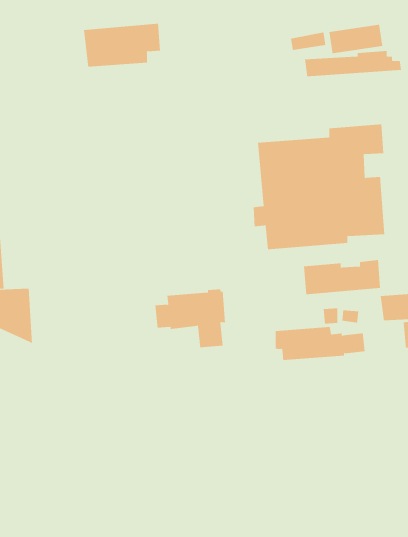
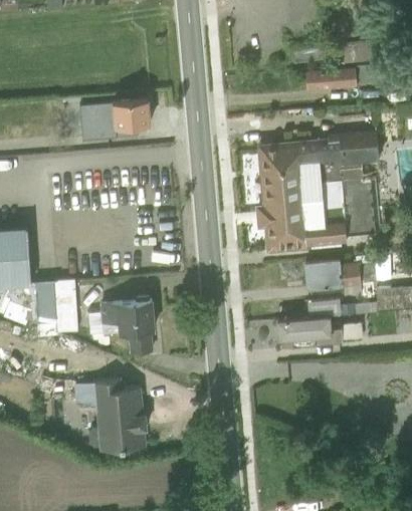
building: [83,23,161,67] -> [77,98,149,139]
building: none -> [52,279,76,332]
building: [155,289,226,348] -> [87,297,153,351]
building: none -> [76,378,146,449]

